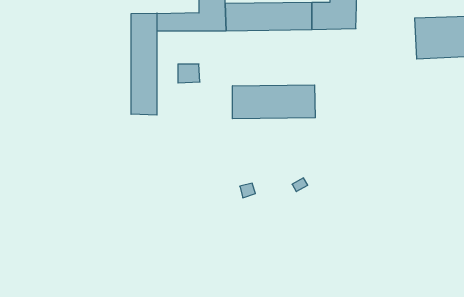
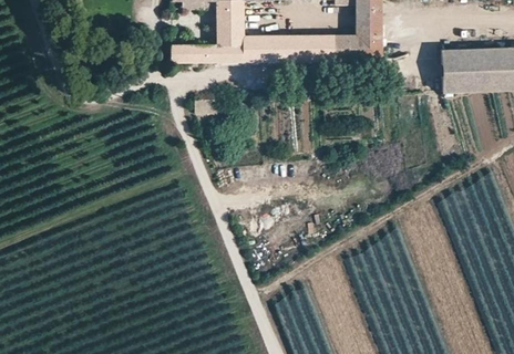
building: [131,13,157,115] -> none
building: [232,85,315,119] -> none

